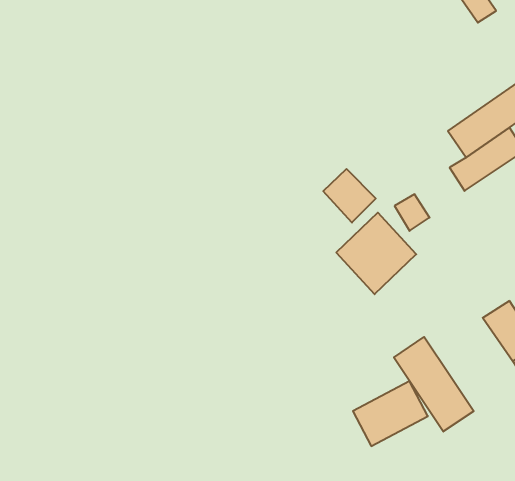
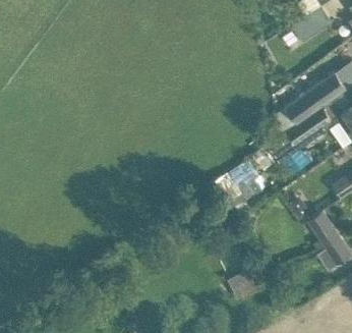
building: [323,169,376,223] -> none
building: [394,337,474,432] -> none

